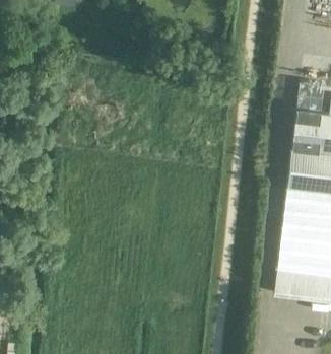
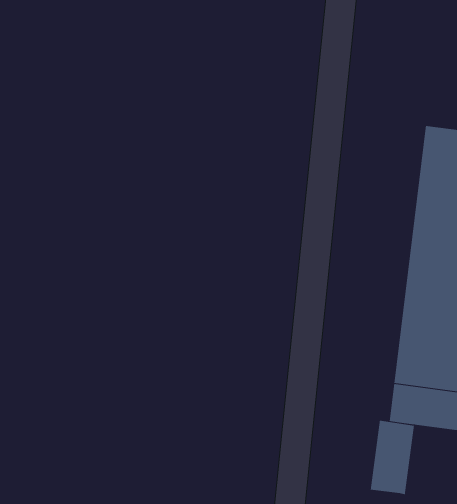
building: none -> [370,420,415,495]

